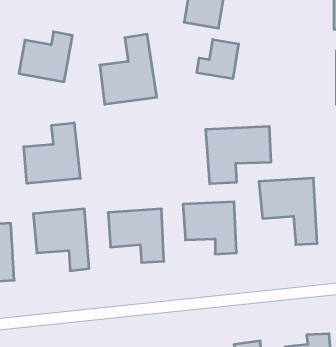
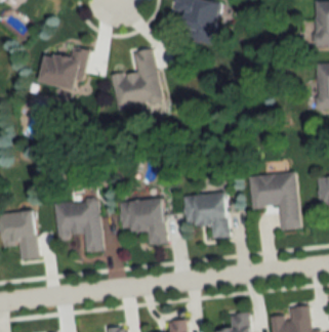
building: [197,39,238,79] -> none
building: [24,123,80,183] -> none
building: [206,126,271,184] -> none

